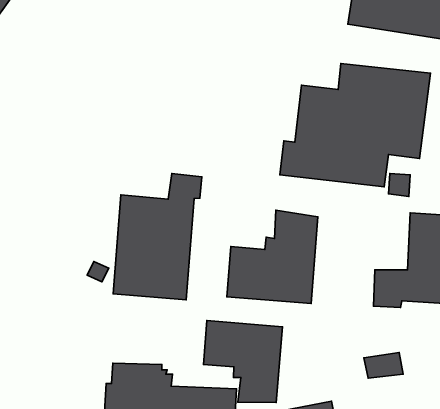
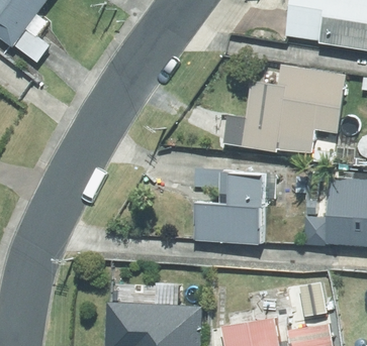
building: [113,174,202,300] -> none
building: [203,321,283,402] -> none

